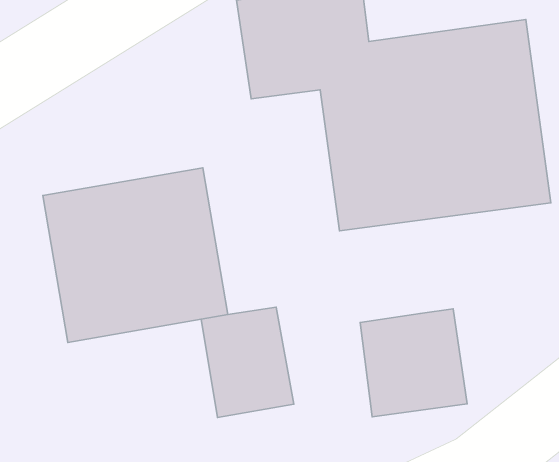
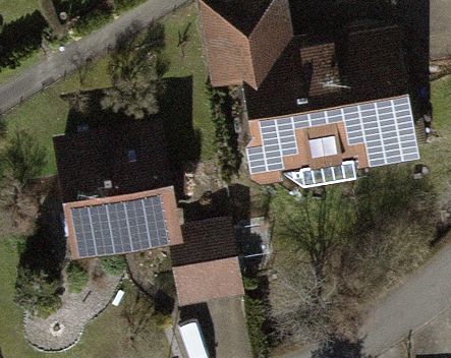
building: [360,309,467,417] -> none

